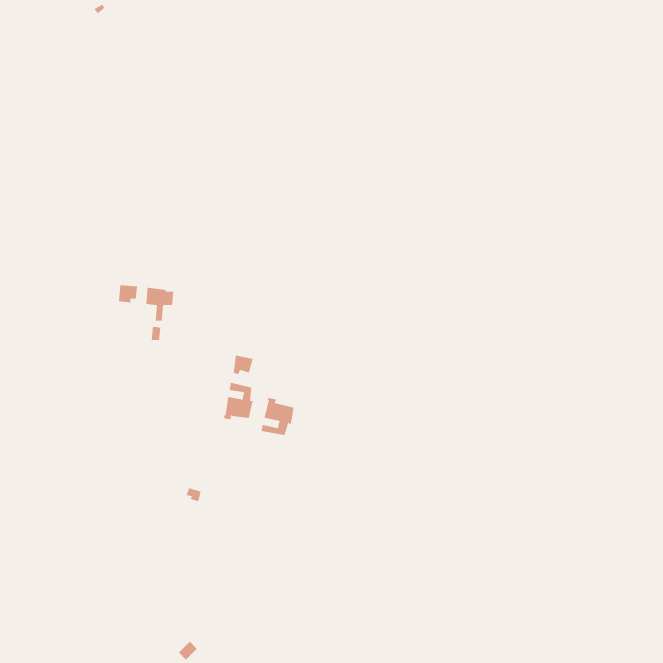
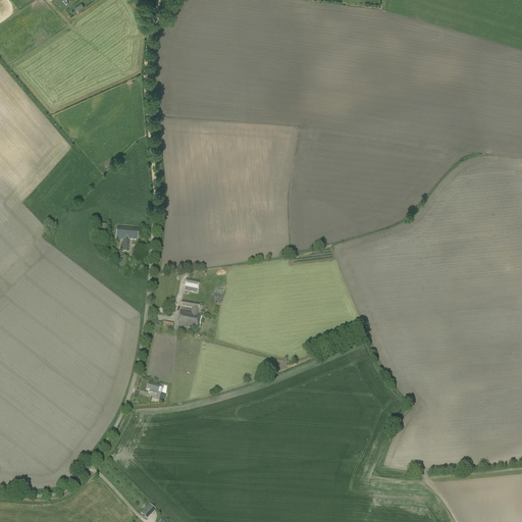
building: [261,397,294,436] -> none

